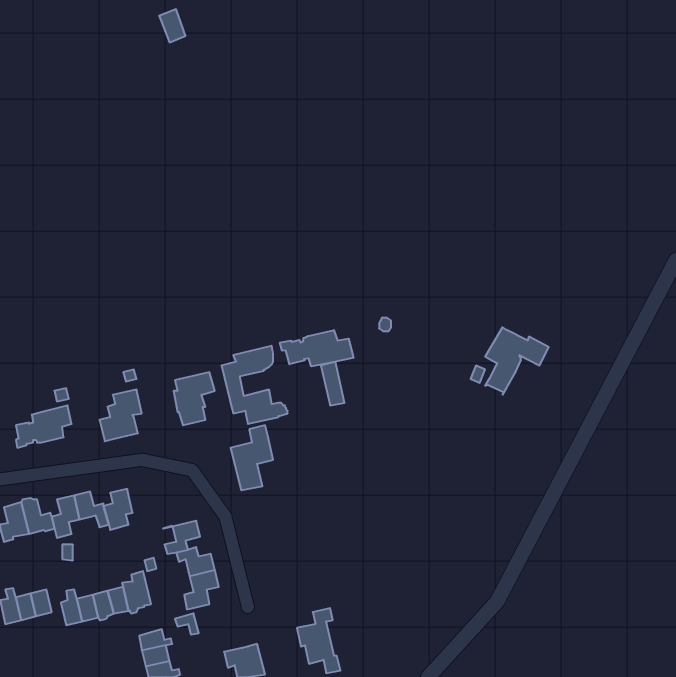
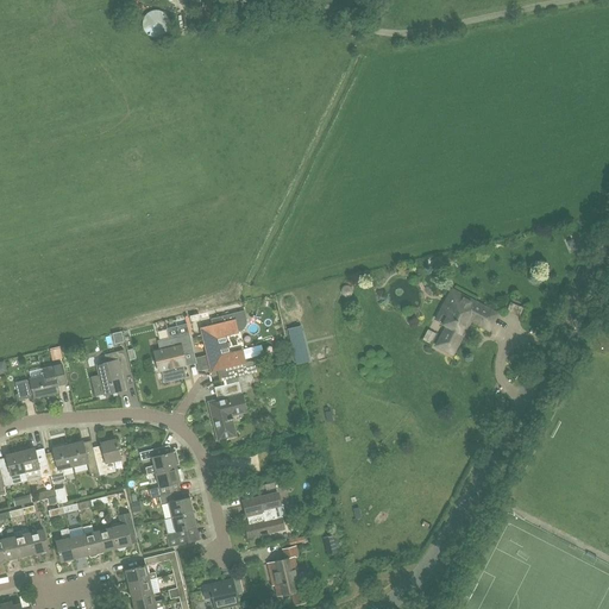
building: [280,330,353,366] -> none
building: none -> [139,447,177,475]
building: none -> [241,494,283,538]

